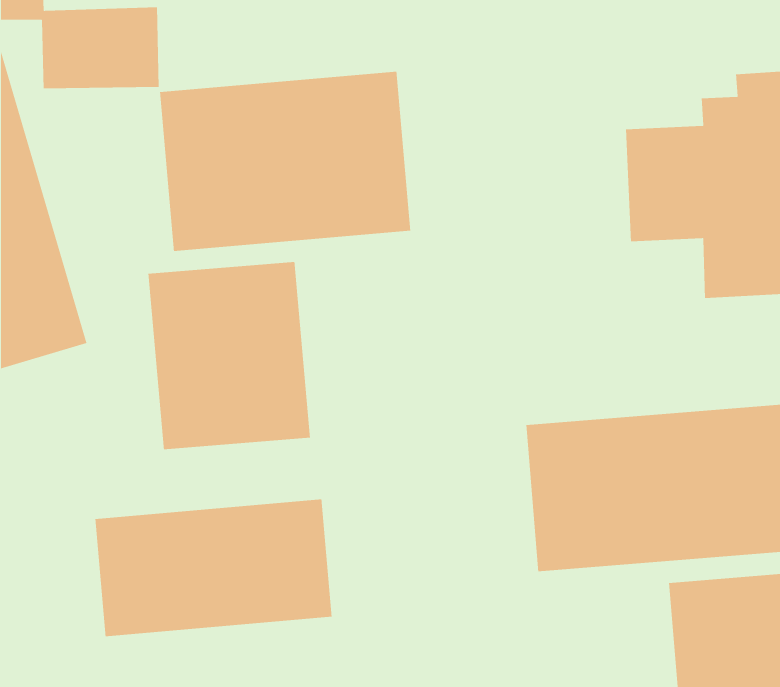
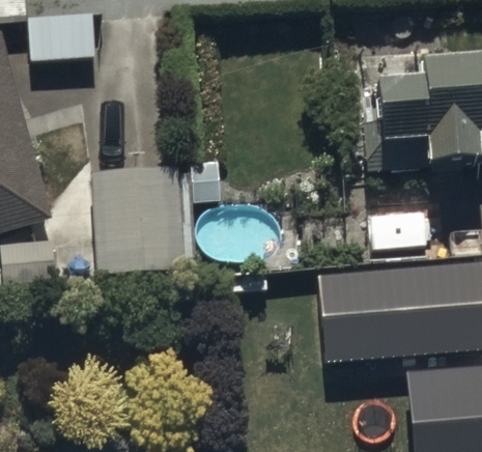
building: [159,71,411,252] -> none
building: [94,499,332,637] -> none

